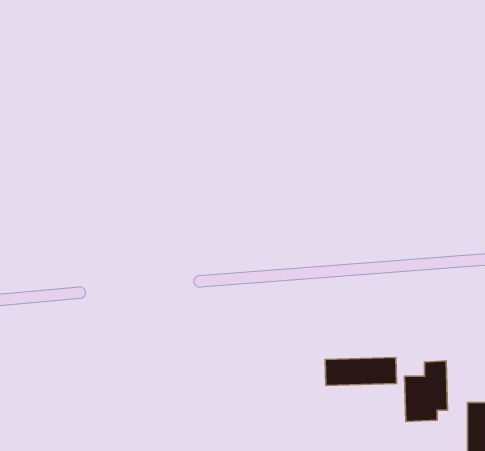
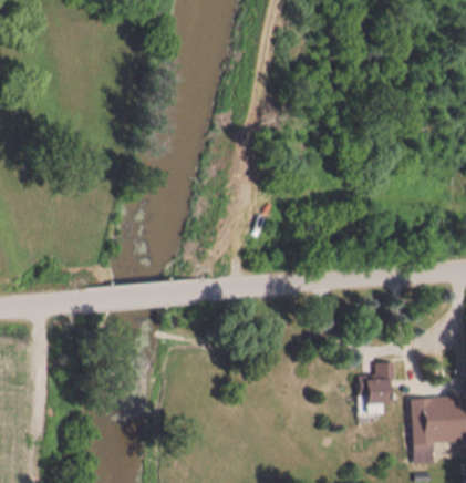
building: [325,357,397,386] -> none

